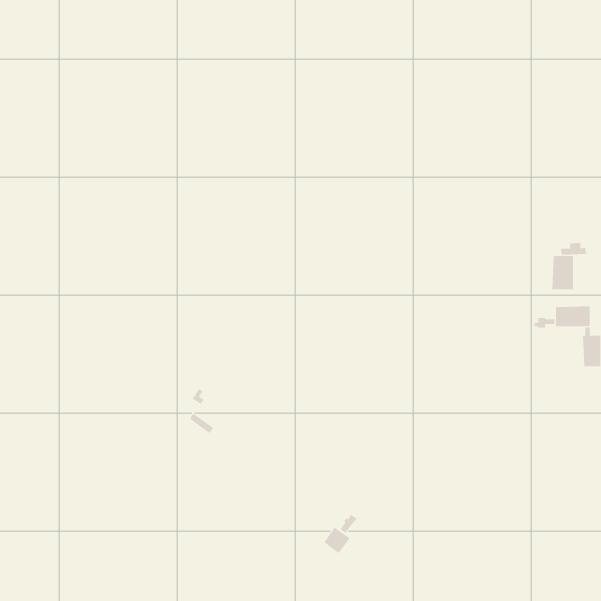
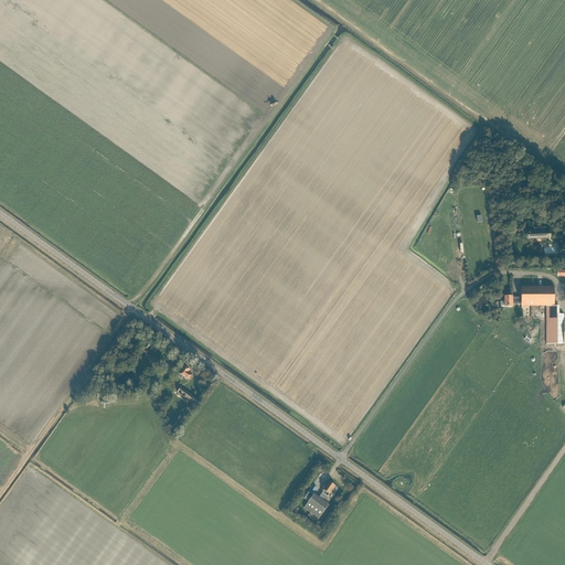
building: [552,255,574,290] -> none

